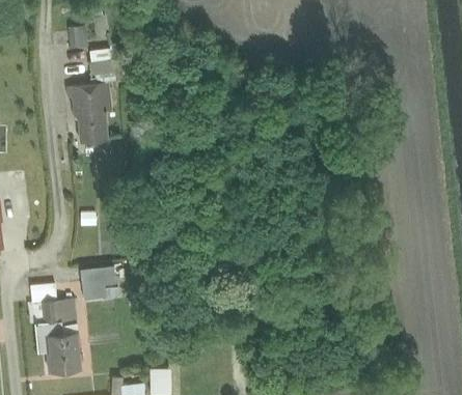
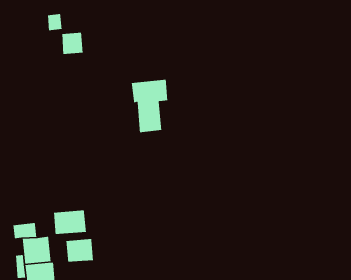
building: [67,84,113,150] -> [131,79,168,133]
building: none -> [66,238,94,263]

